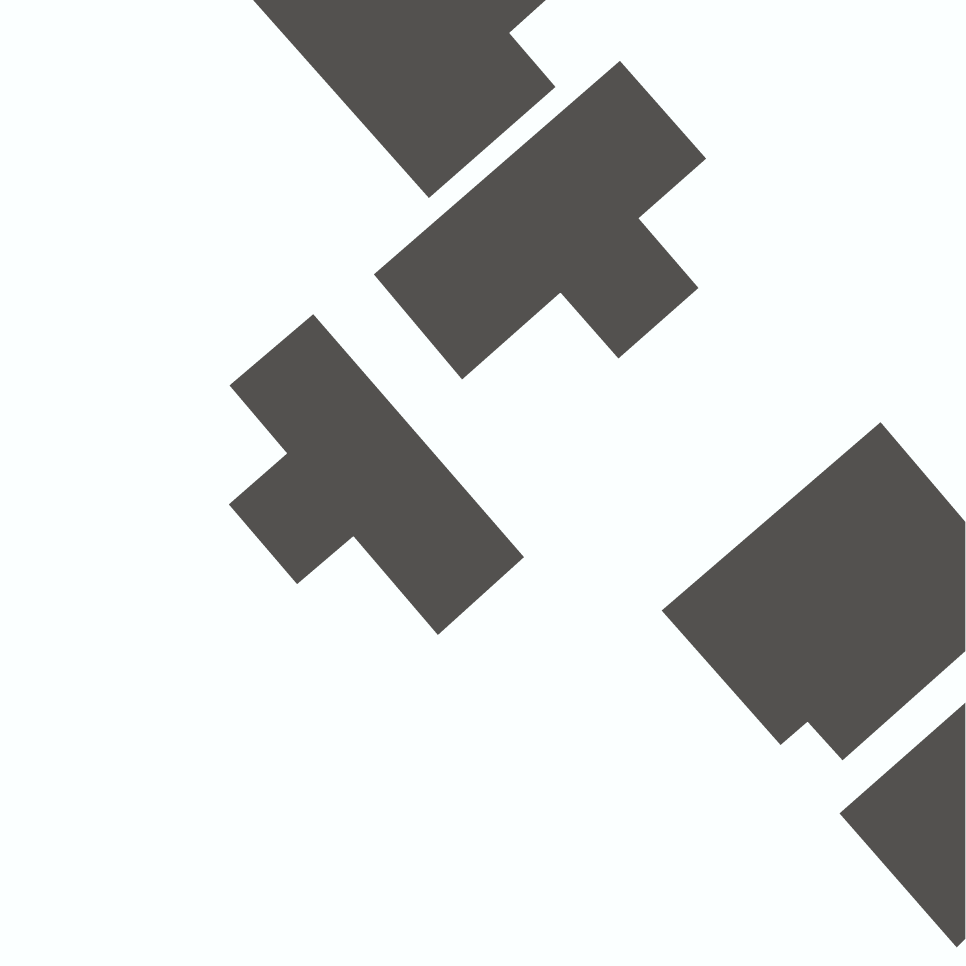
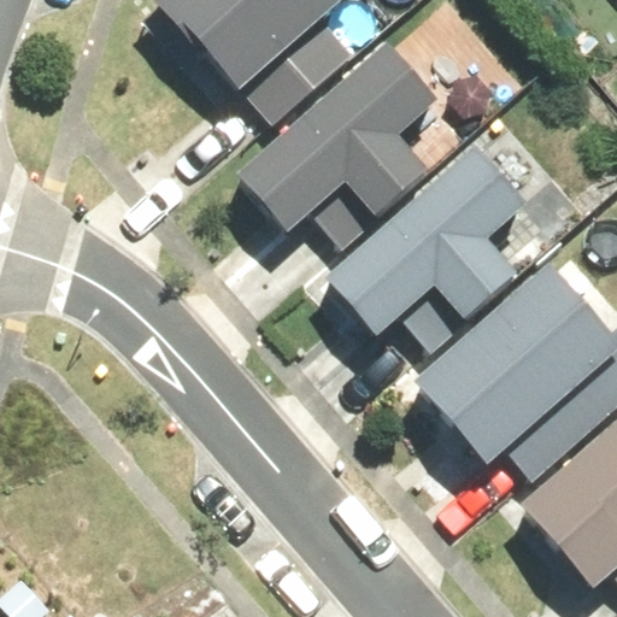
building: none -> [323,143,530,341]
building: [228,313,525,636] -> none

